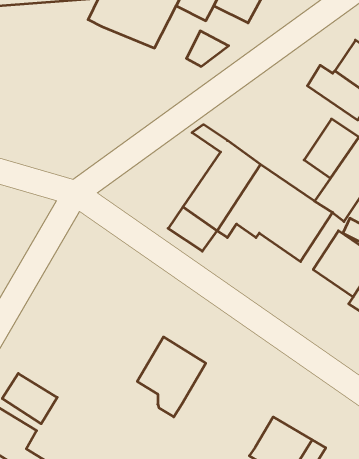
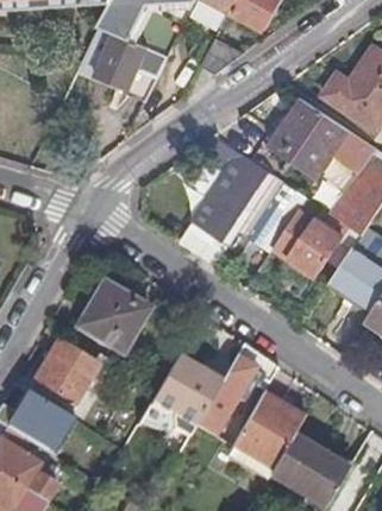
building: none -> [93,32,164,89]
building: none -> [274,97,349,171]
building: none -> [70,280,144,355]
building: none -> [30,343,95,406]
building: none -> [193,346,273,439]
building: none -> [227,393,300,471]

